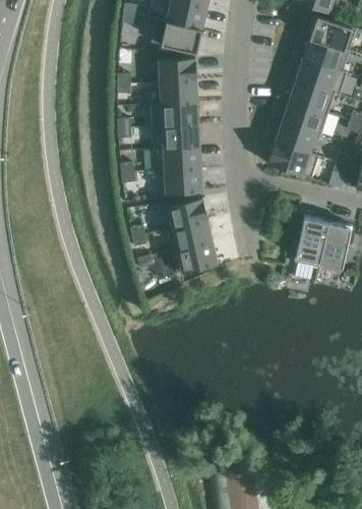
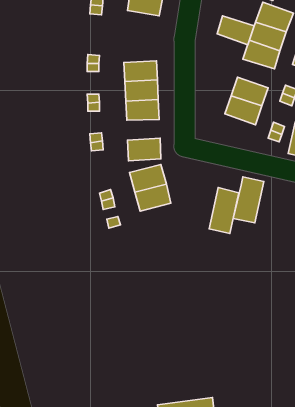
building: [162,25,201,54] -> none
building: [161,59,198,84] -> none
building: [290,80,331,113] -> [217,16,254,45]
building: [268,143,310,176] -> none
building: [165,149,202,172] -> none
building: [309,219,343,271] -> [209,187,239,233]
building: [180,243,221,275] -> none

